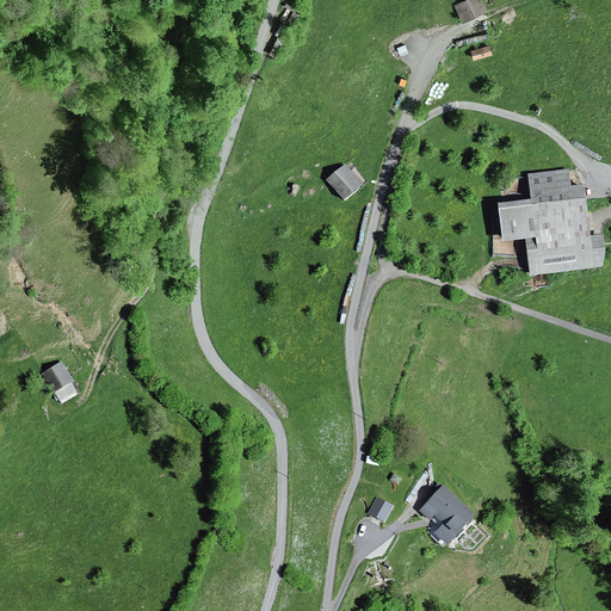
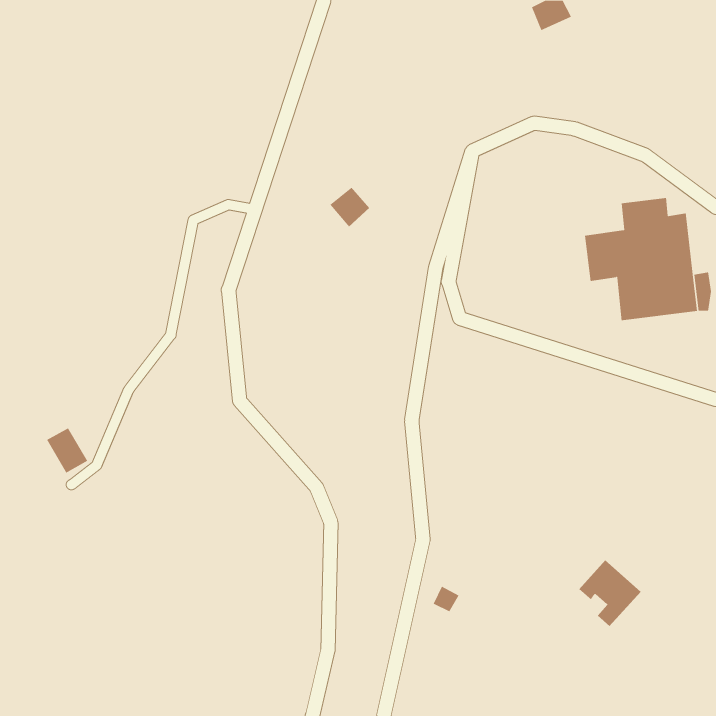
building: [327,162,362,197] -> [329,187,370,227]
building: [420,483,474,541] -> [579,560,642,627]

